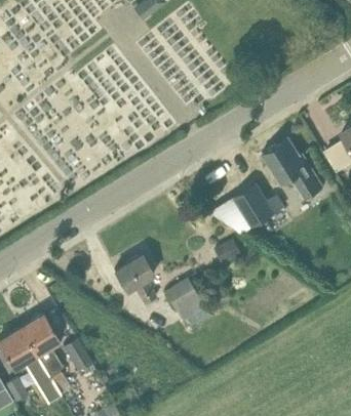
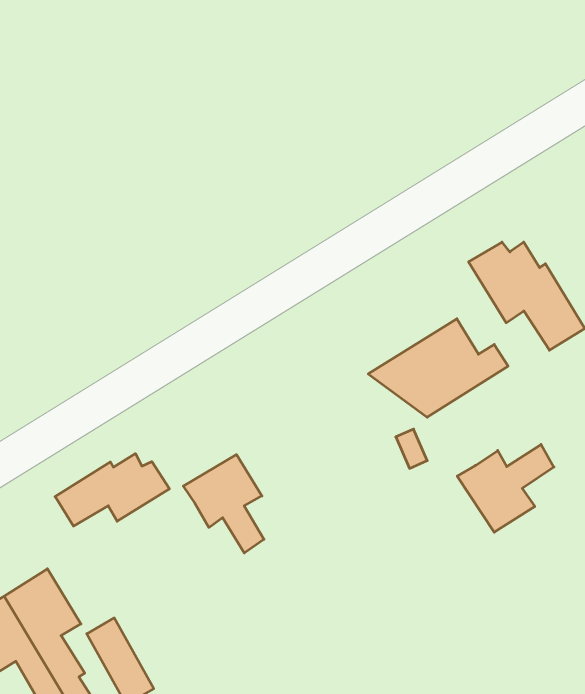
building: none -> [457,444,554,532]
building: none -> [55,454,169,526]
building: [163,280,209,329] -> none

